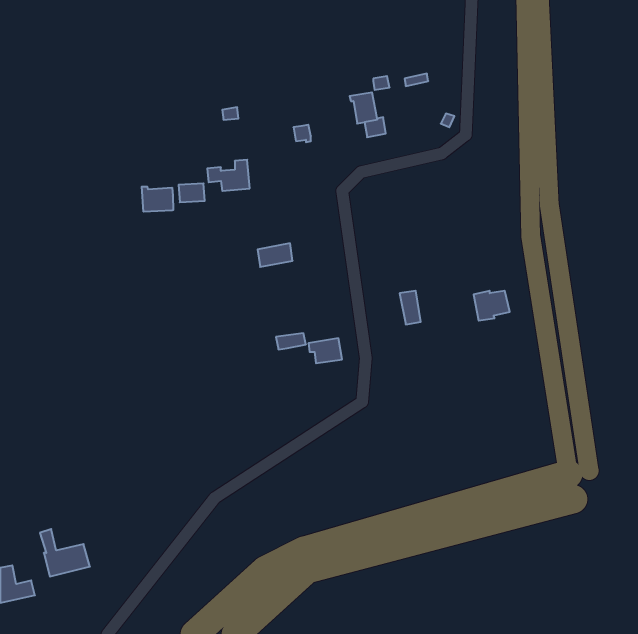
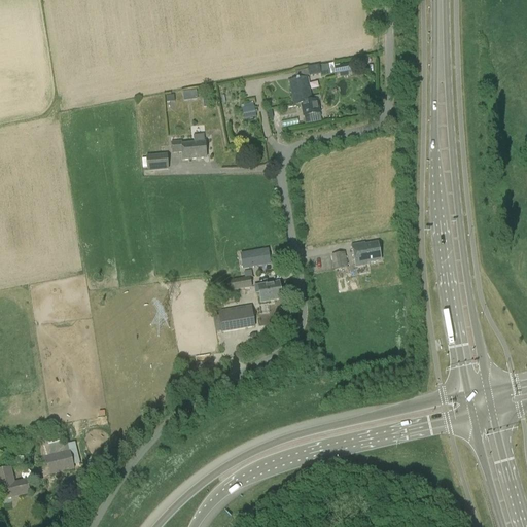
building: [142,187,173,212] -> none
building: [258,243,293,267] -> [241,247,270,267]
building: [474,291,510,321] -> [351,239,381,264]
building: none -> [218,303,255,331]

